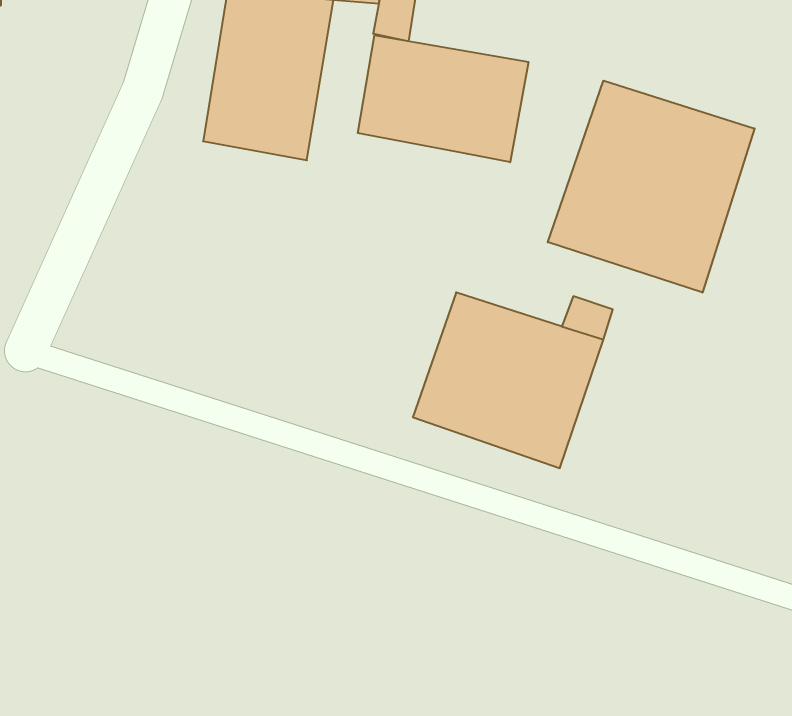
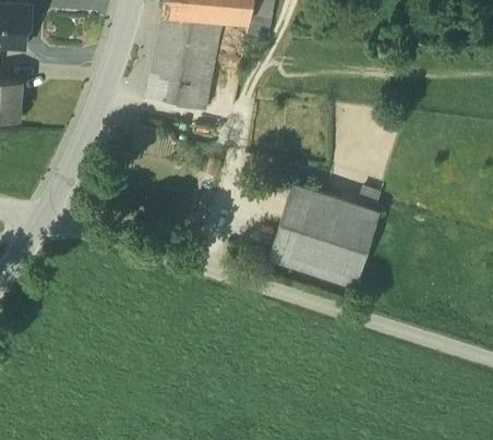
building: [358,35,528,162] -> none
building: [548,81,755,293] -> none

